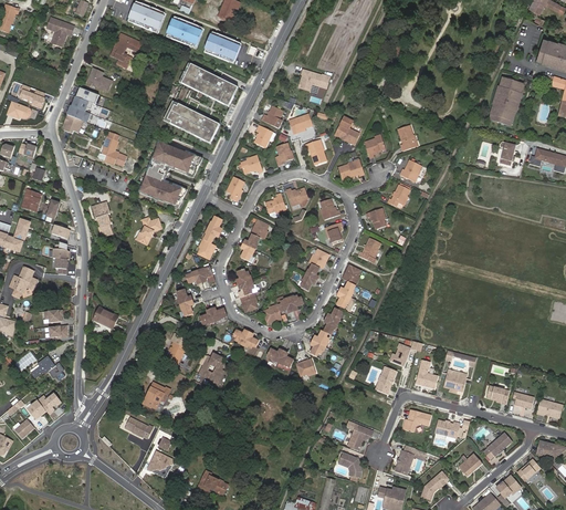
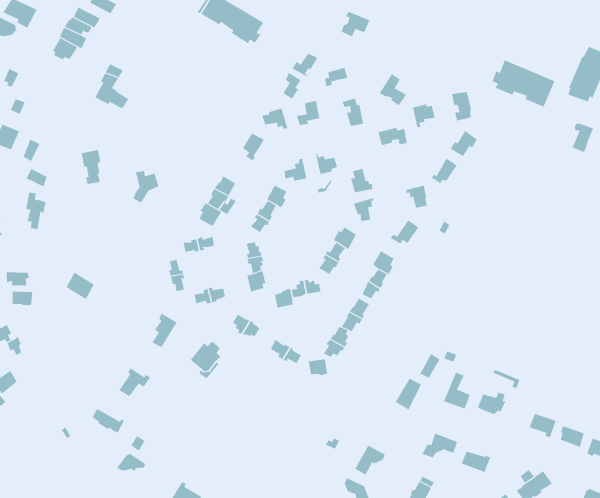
building: none -> [492,59,555,108]
building: [164,103,218,140] -> none
building: [137,142,202,208] -> none

